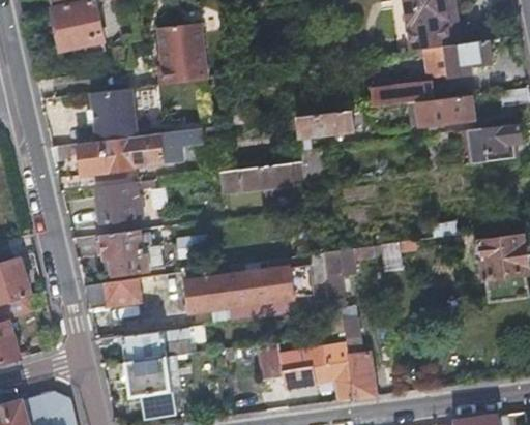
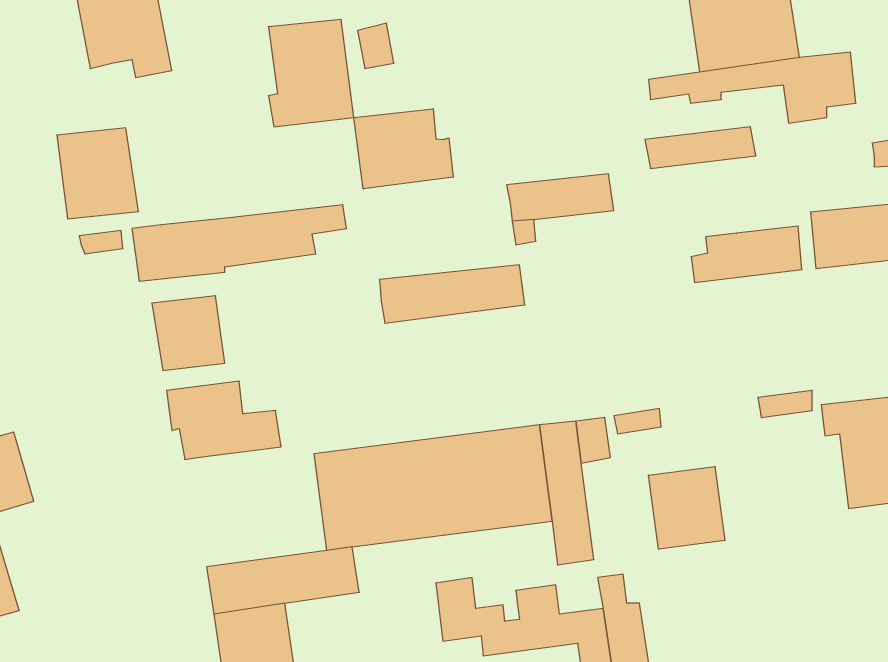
building: none -> [354,109,453,189]
building: [92,88,139,140] -> [57,128,139,219]
building: [411,96,474,128] -> [691,226,802,282]
building: [85,276,140,307] -> none
building: none -> [648,466,725,549]

